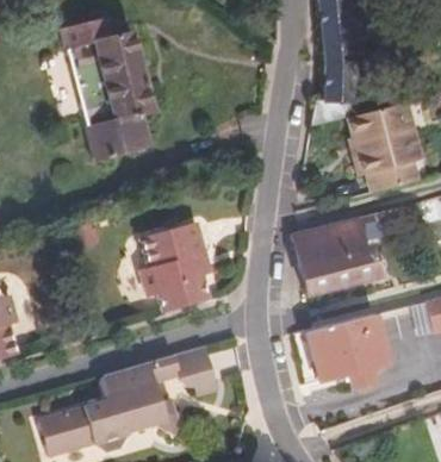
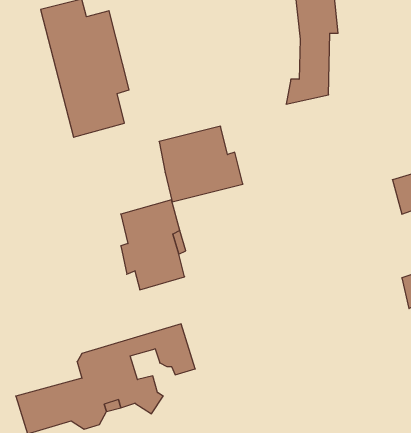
building: [349,100,421,191] -> none
building: [293,217,378,293] -> [159,126,243,202]
building: [308,312,387,386] -> none

